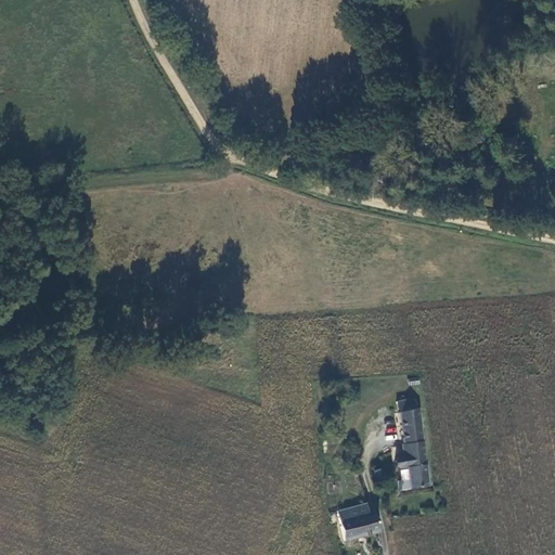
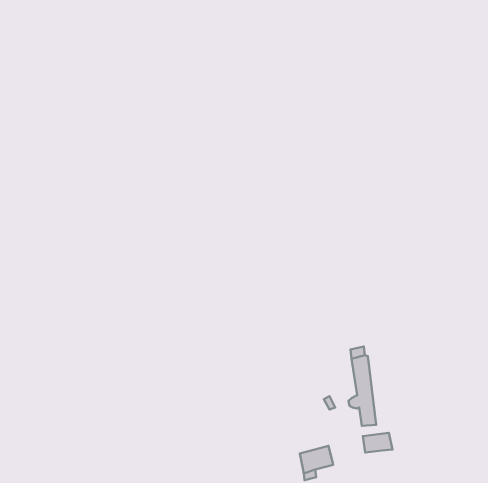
building: none -> [363,433,392,452]

